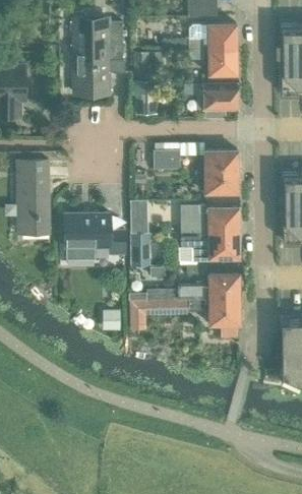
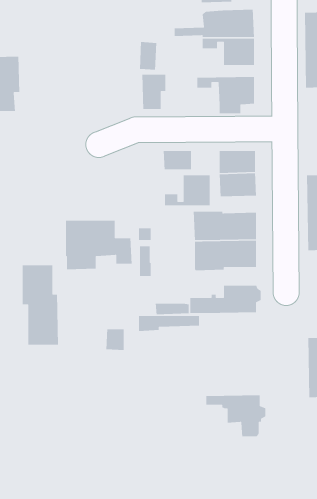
building: [70,20,123,91] -> none
building: [17,161,51,234] -> [22,265,59,345]
building: none -> [164,175,211,206]
building: [189,298,244,336] -> [206,394,266,437]

